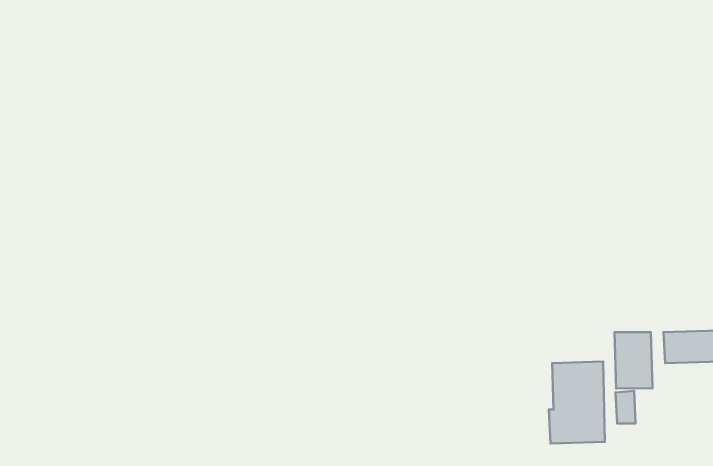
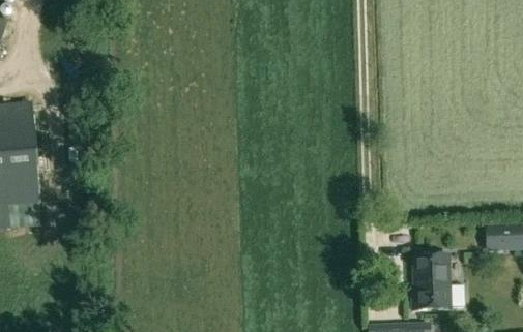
building: [615,332,652,388] -> none

